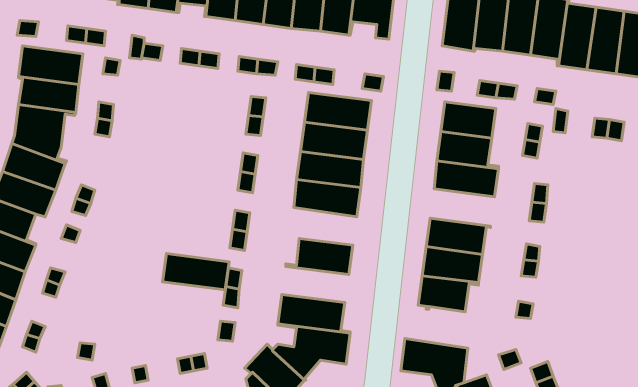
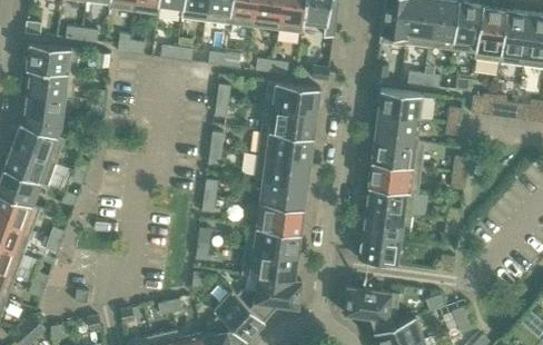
building: none -> [368,161,422,193]
building: none -> [254,177,307,208]
building: [162,254,229,290] -> [245,226,300,256]

